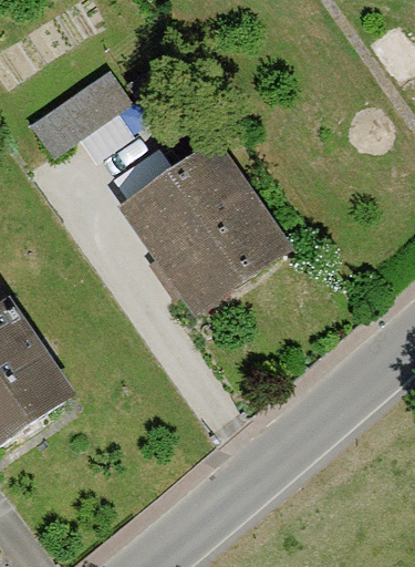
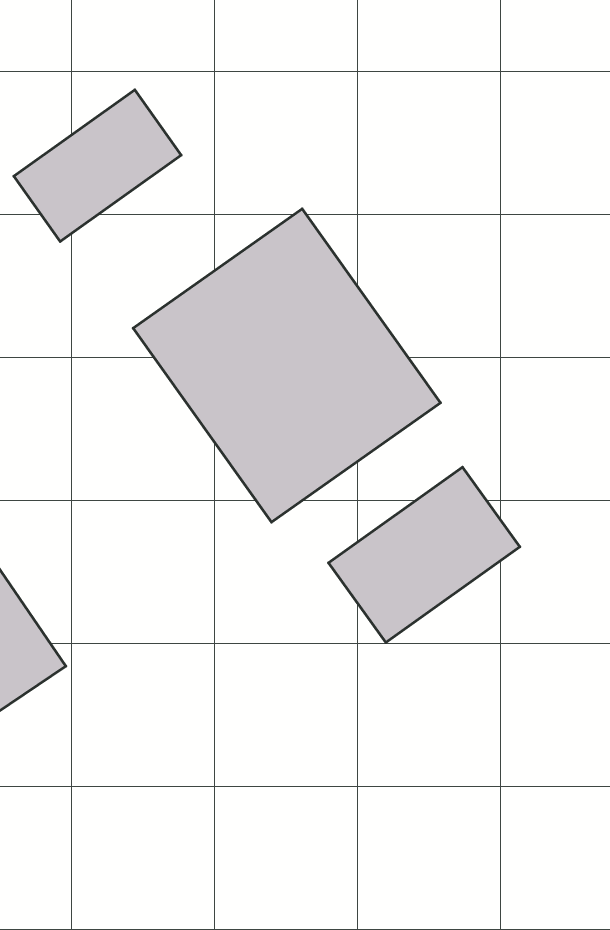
building: none -> [328,467,520,642]

